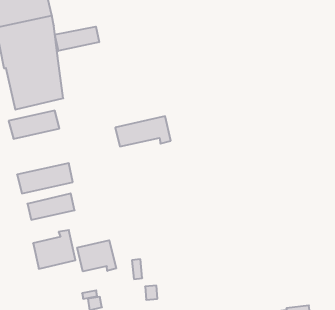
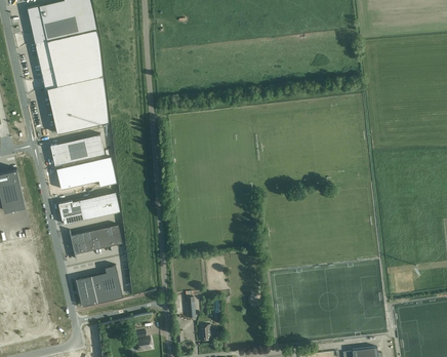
building: [55,27,99,51] -> none
building: [115,116,171,146] -> [55,156,116,189]
building: [77,240,116,271] -> none

